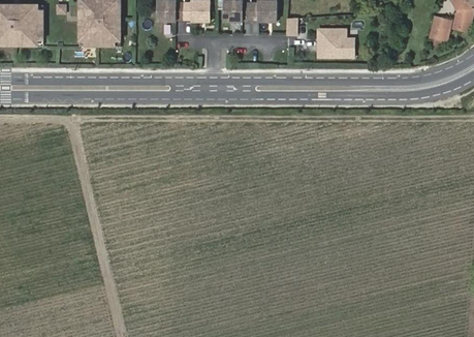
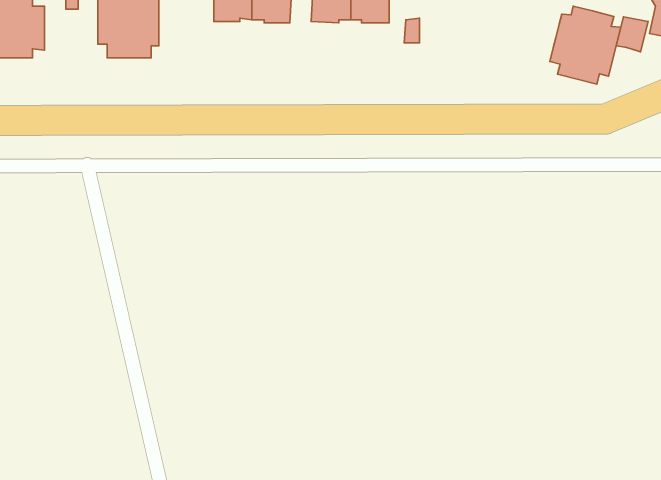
building: none -> [550,6,621,84]
building: [317,29,353,58] -> none

